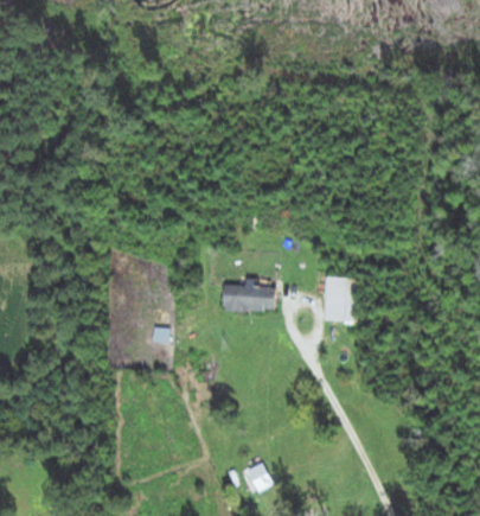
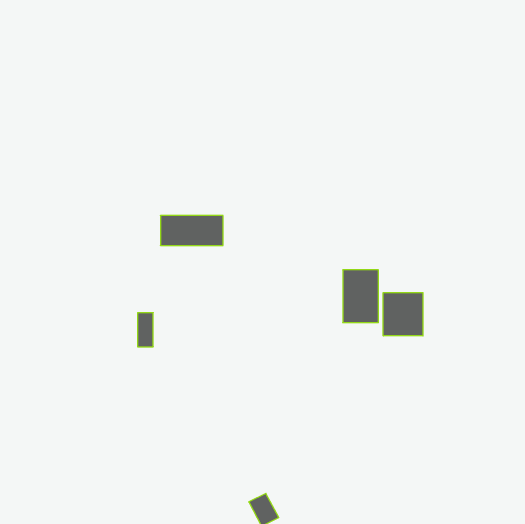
building: [222,286,274,311] -> [160,216,223,245]
building: none -> [383,293,423,336]

